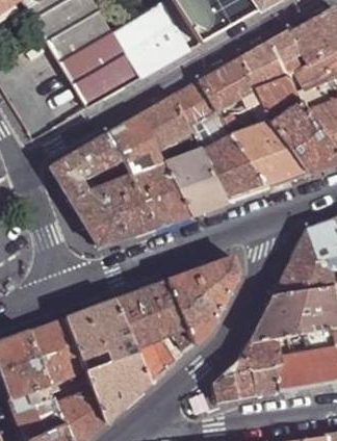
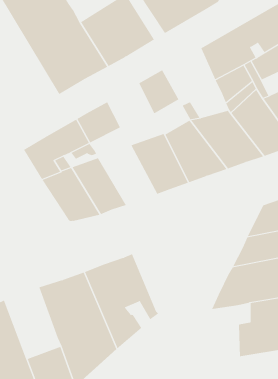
building: [198,59,261,112] -> none
building: [138,97,189,151] -> none
building: [129,163,191,228] -> none
building: [165,256,236,344] -> none
building: [28,316,84,383] -> none
building: [213,336,280,401] -> none

